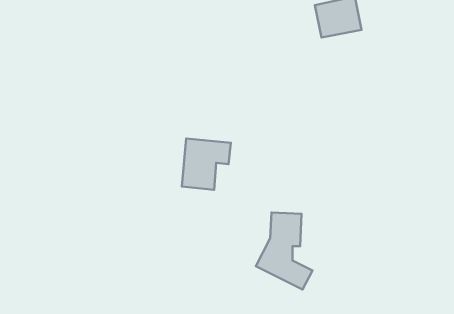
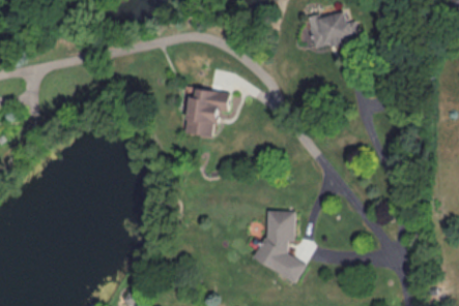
building: [182,138,231,190] -> [184,88,230,135]

